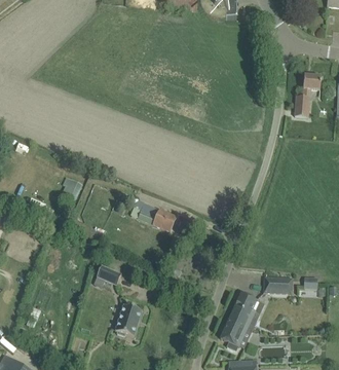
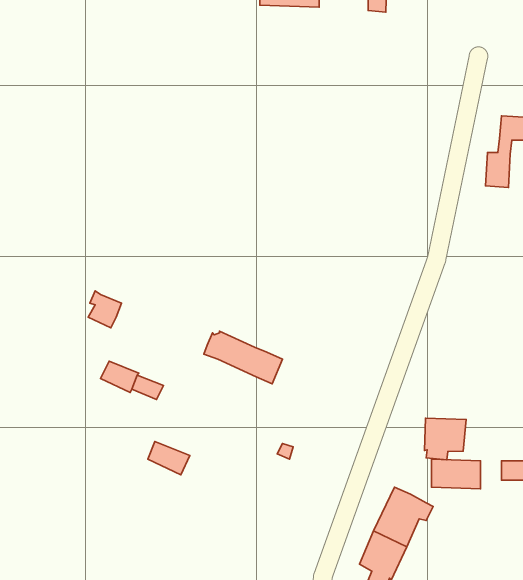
building: none -> [424,418,466,460]
building: [115,303,142,335] -> none

